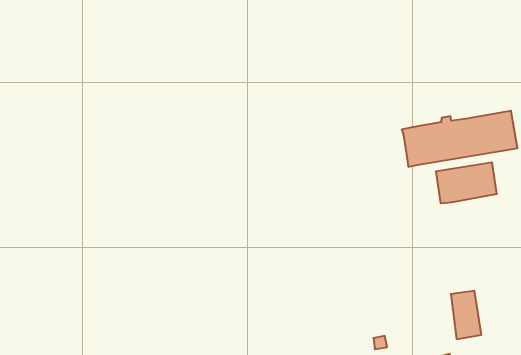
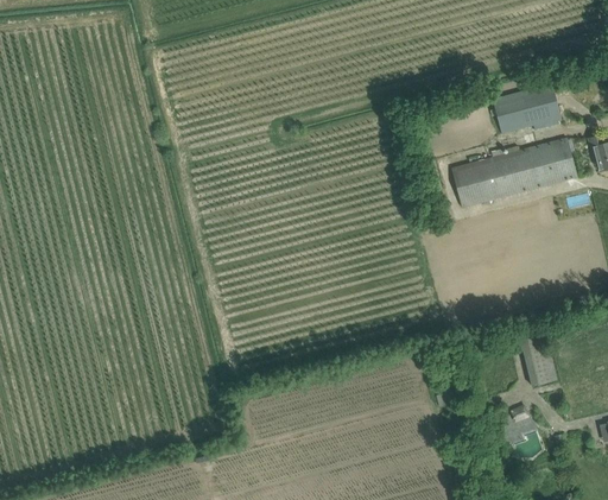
building: [436,162,497,203] -> [493,86,560,134]

